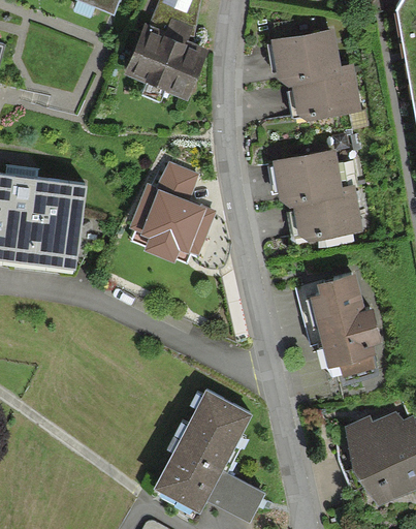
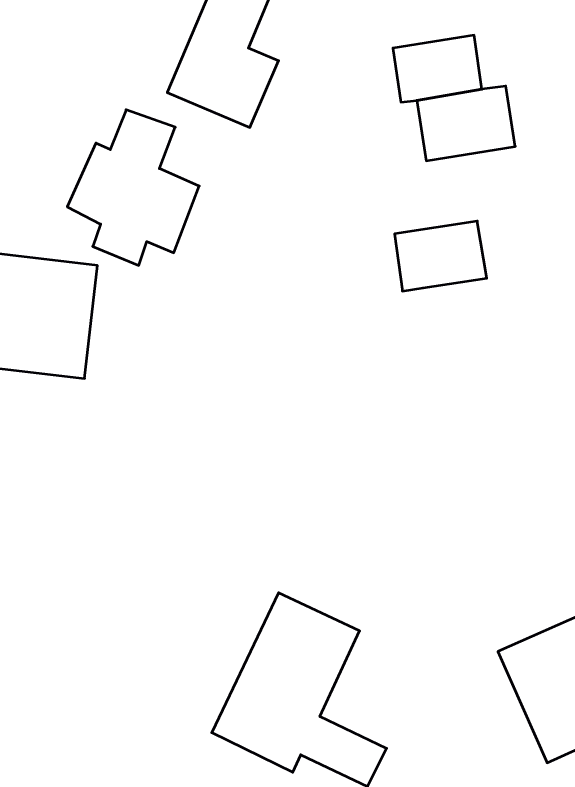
building: [127,165,213,267] -> [67,110,199,265]
building: [295,188,355,236] -> none
building: [298,277,383,372] -> none

